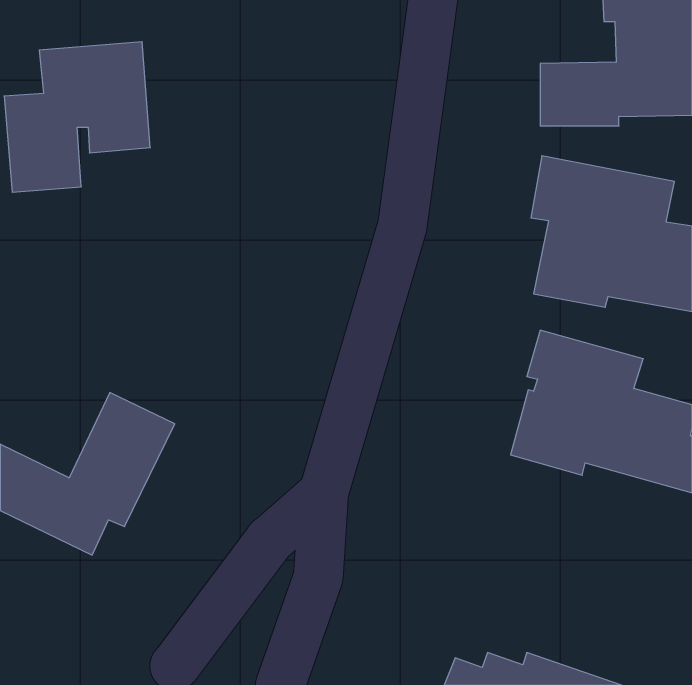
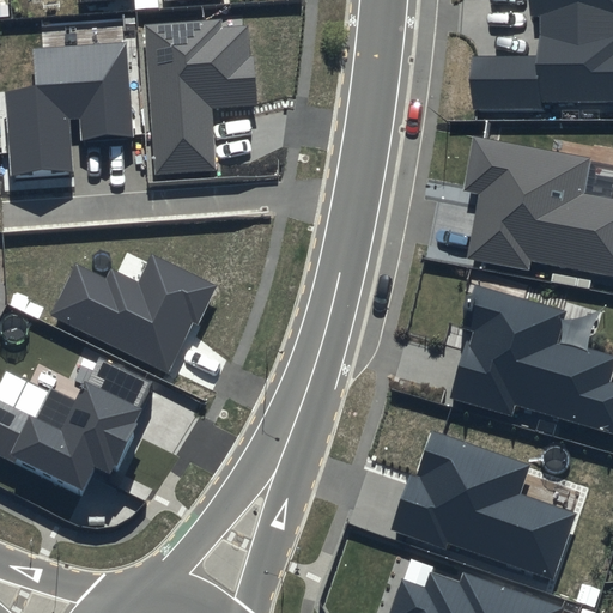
building: none -> [146,23,259,180]
building: none -> [51,247,218,365]
building: none -> [392,435,579,583]

